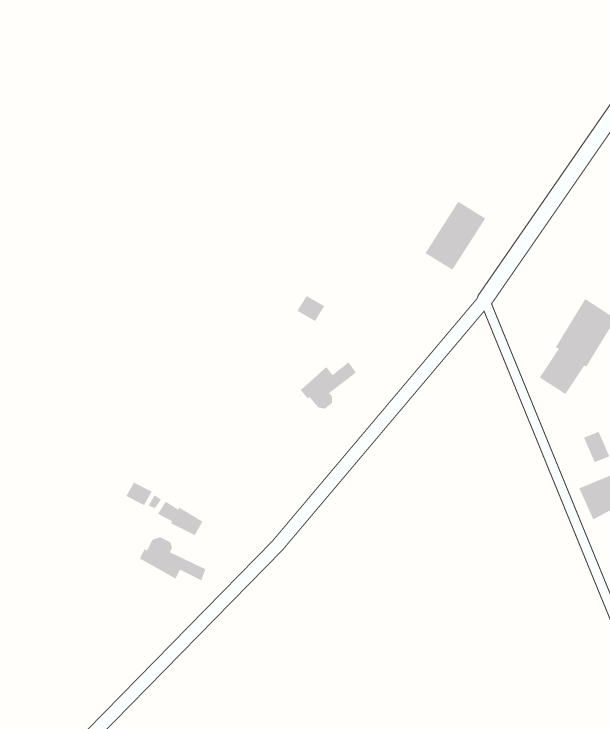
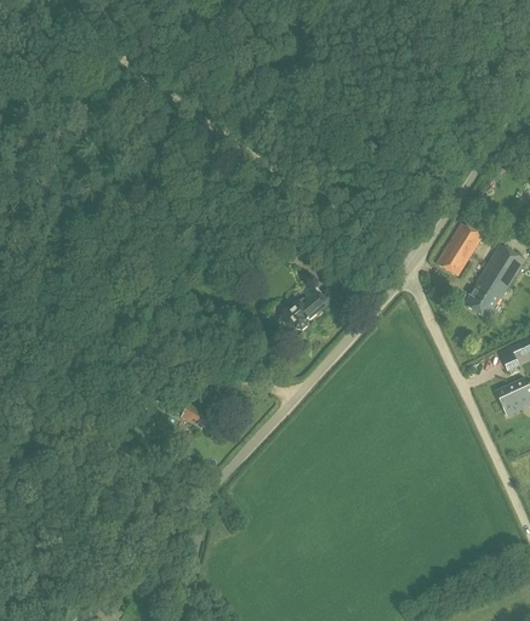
building: [424,201,486,271] -> [435,222,483,275]
building: [139,536,206,581] -> none

